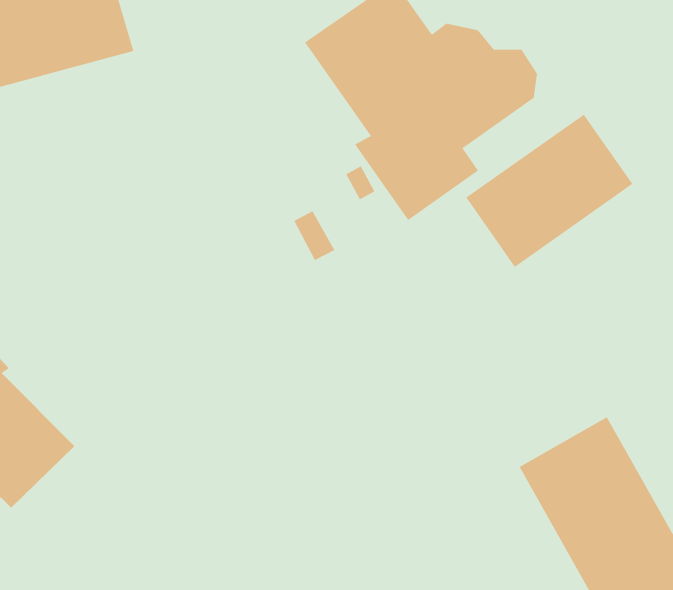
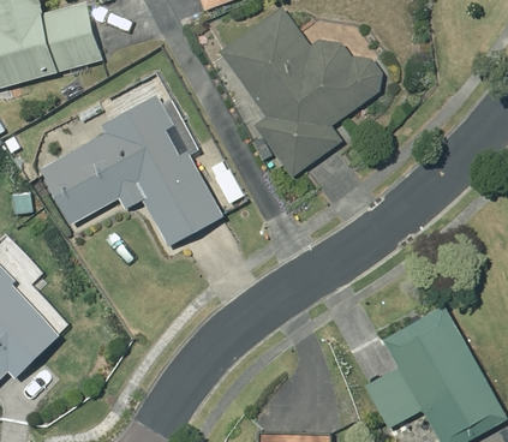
building: none -> [46,90,228,243]
building: [465,114,633,268] -> none

